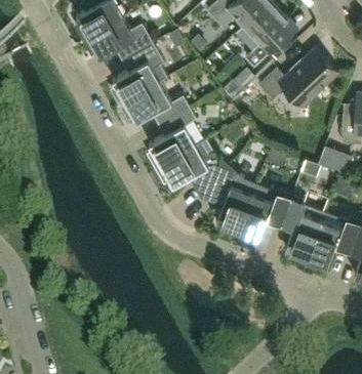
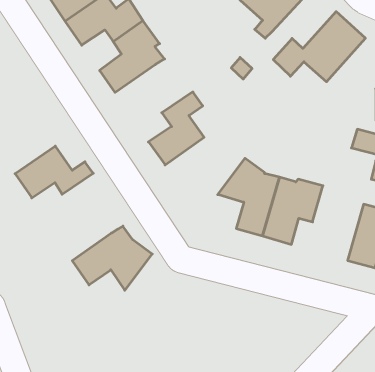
building: [124,80,190,122] -> [15,146,93,198]
building: [161,139,229,194] -> [72,226,152,290]
building: [281,194,325,258] -> none

